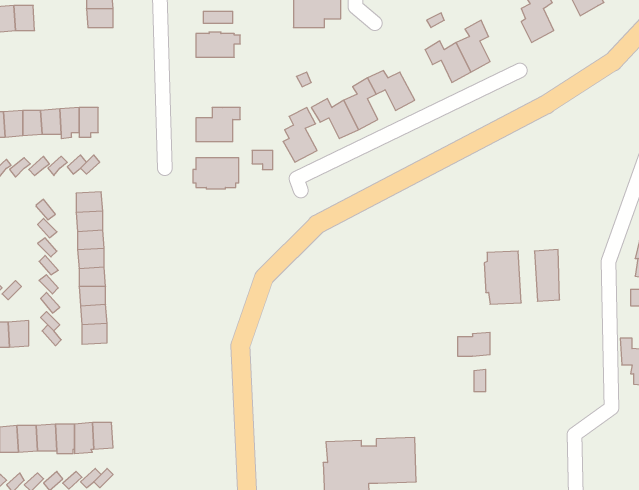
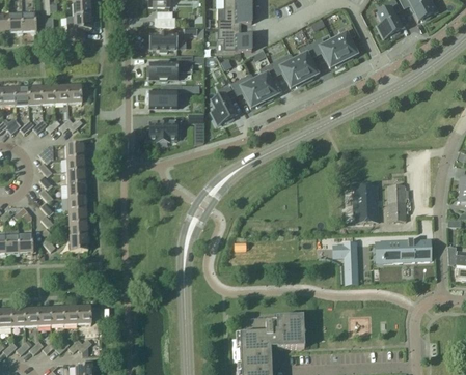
building: none -> [218,28,251,49]
building: none -> [293,44,317,79]
building: none -> [149,57,183,80]
building: none -> [376,238,430,261]

